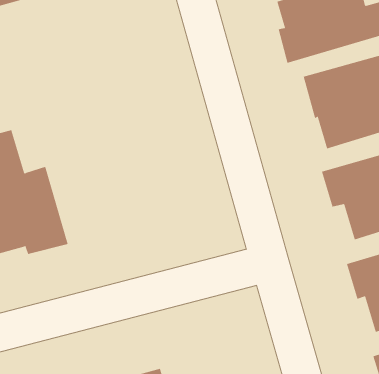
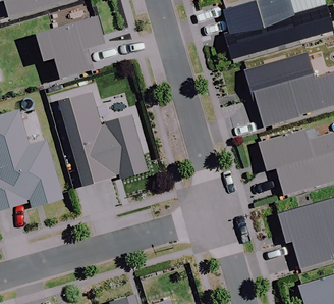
building: none -> [34,18,102,80]
building: none -> [58,91,147,186]

